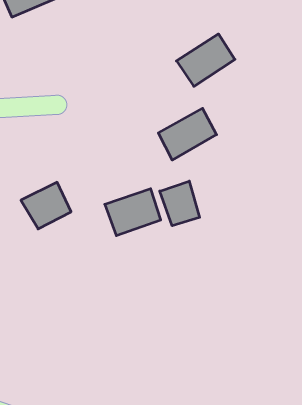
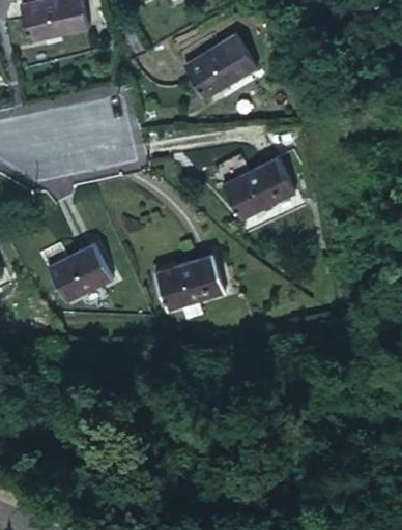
building: [176,34,235,86] -> [182,29,256,95]
building: [160,181,200,226] -> none

